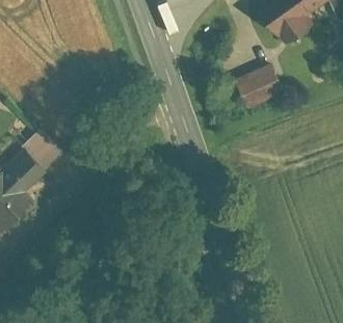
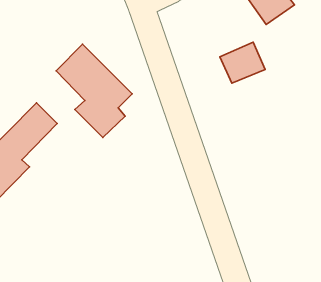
building: none -> [56,44,132,138]

